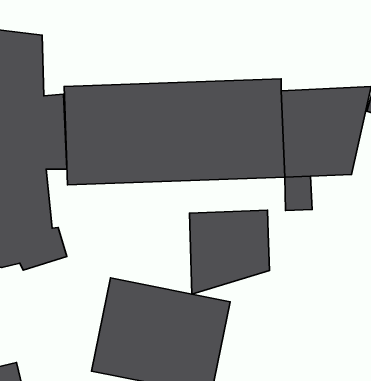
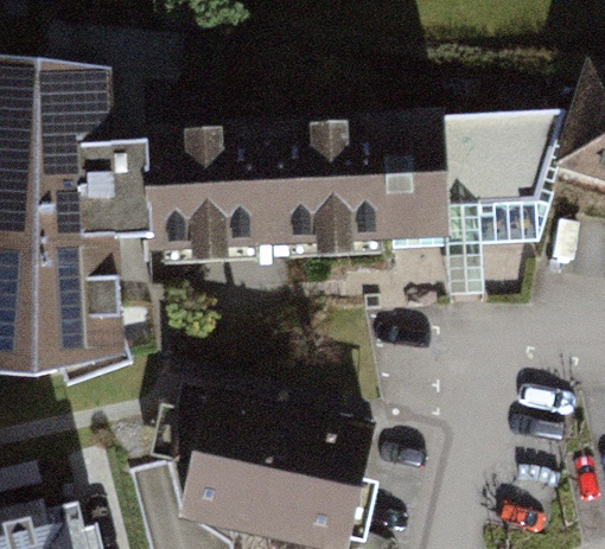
building: [190,210,270,294] -> none

